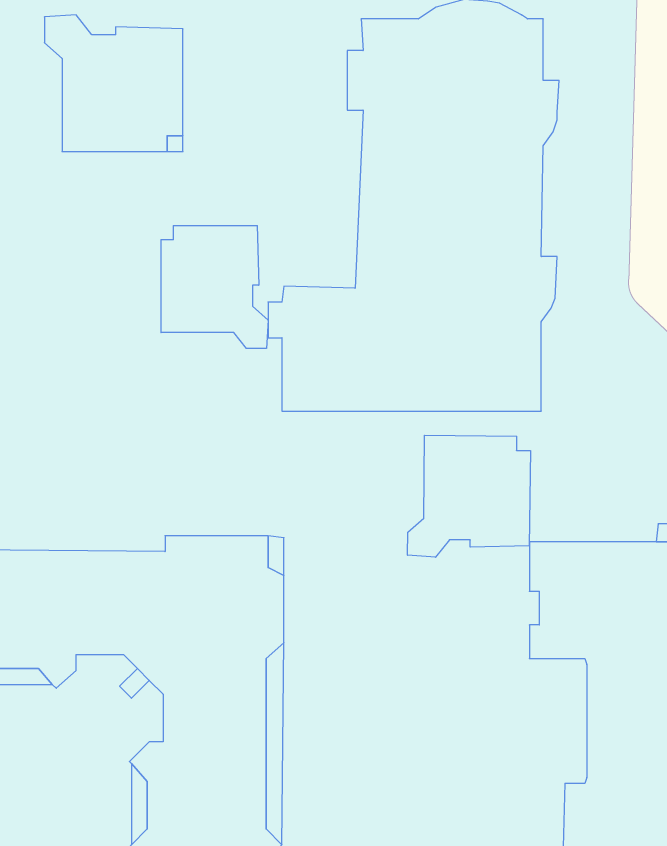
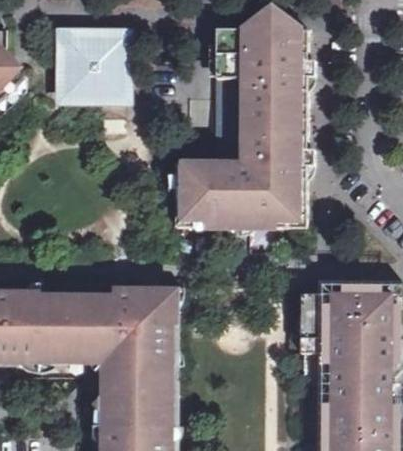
building: [161,226,268,348] -> none
building: [408,435,530,557] -> none

